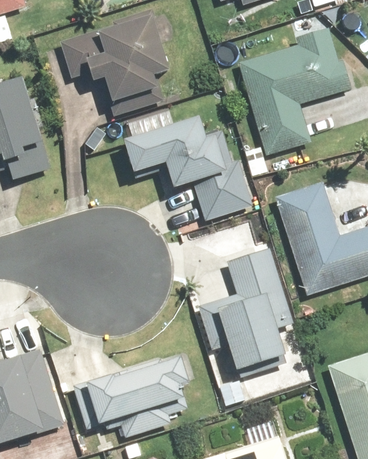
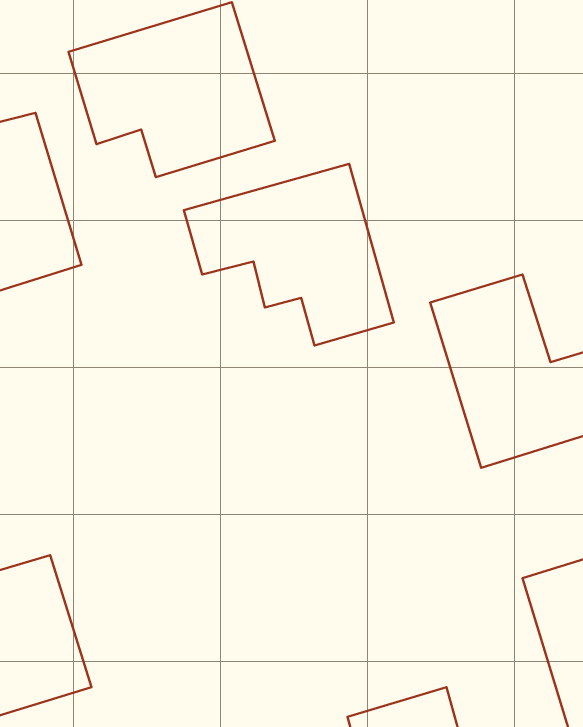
building: [230,23,354,151] -> none
building: [195,248,301,384] -> none
building: [88,357,192,429] -> none

